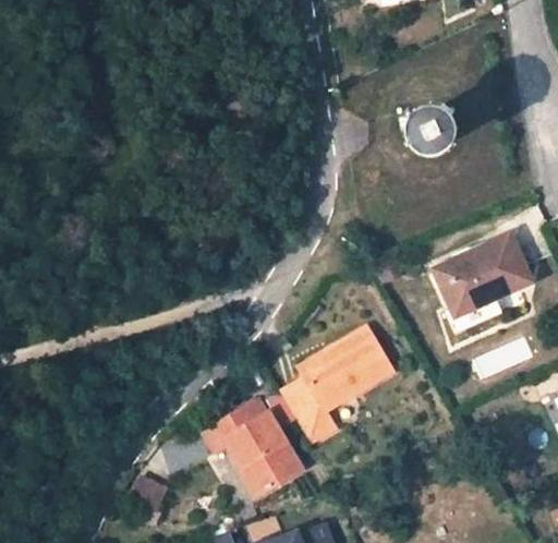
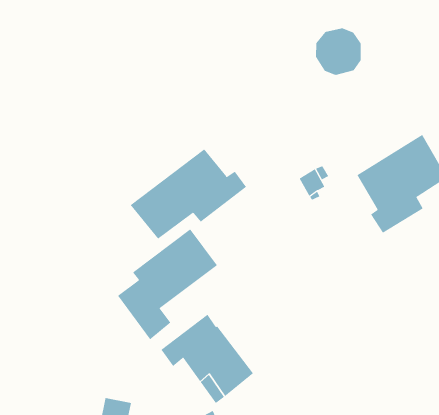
building: none -> [130,149,247,239]
building: [281,327,392,442] -> [117,228,218,340]

